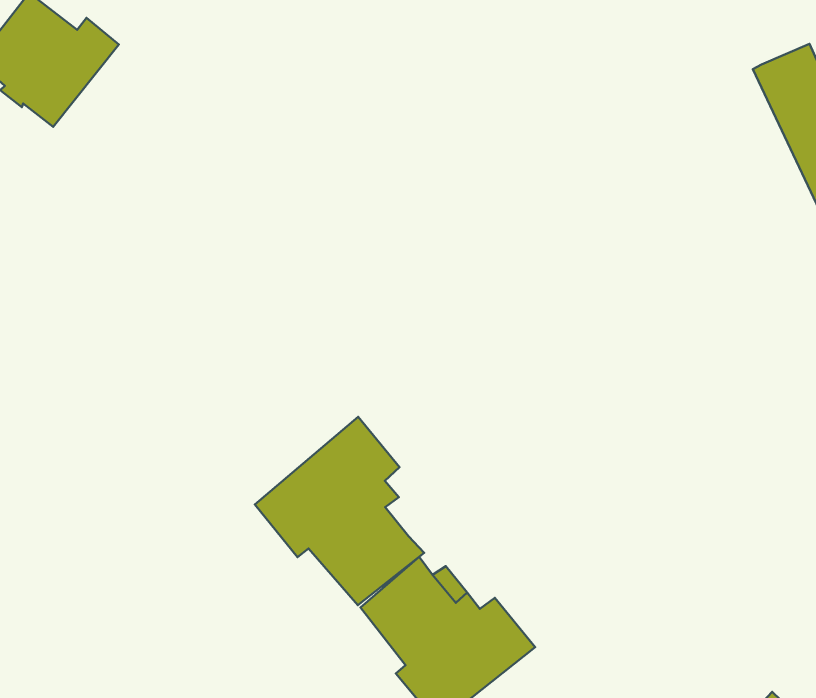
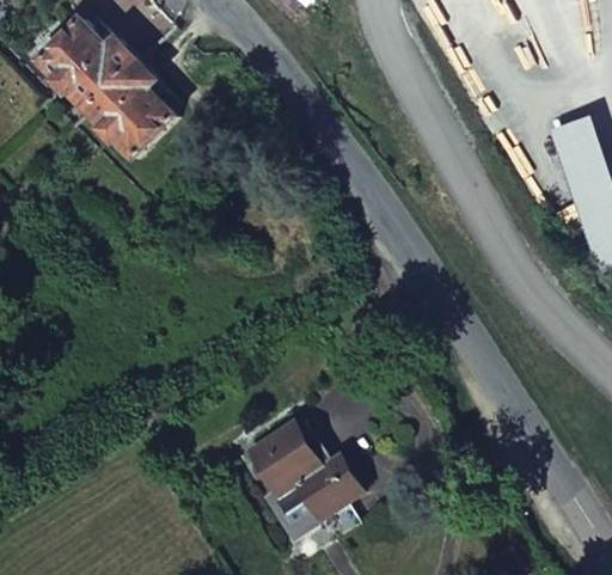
building: none -> [85,59,176,157]
building: [255,417,424,605] -> none

